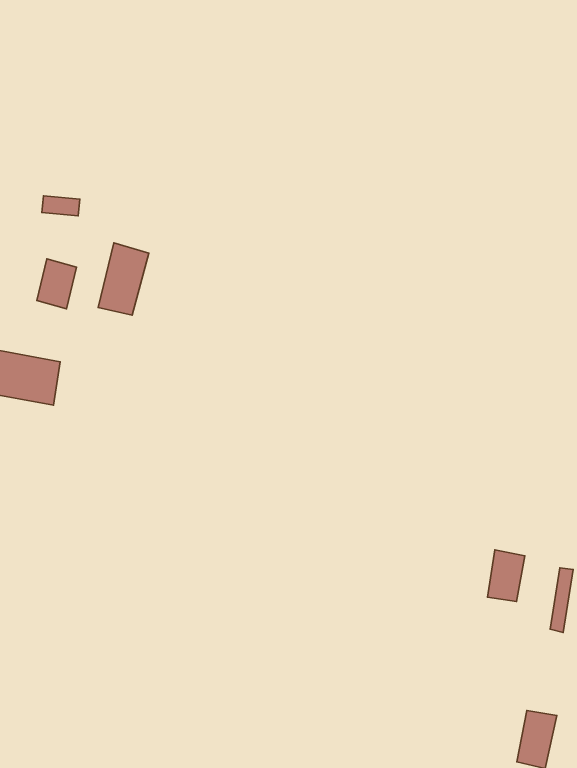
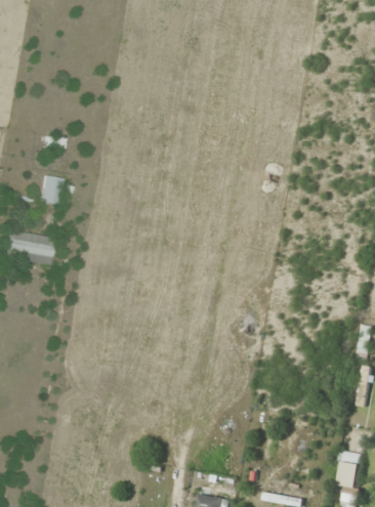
building: [98,243,149,315] -> none
building: [487,550,525,601] -> none

